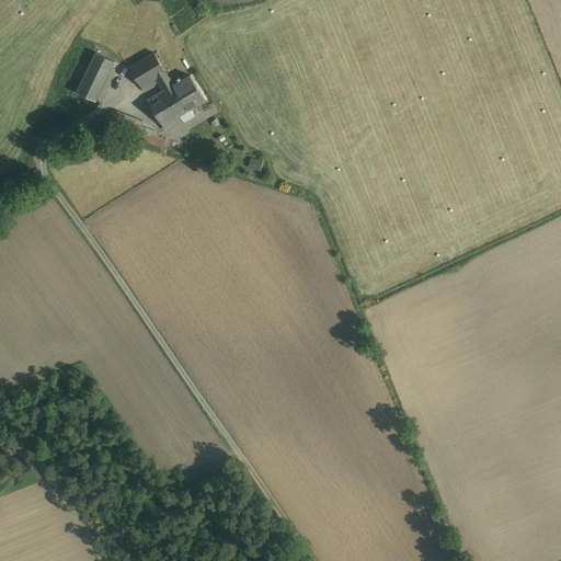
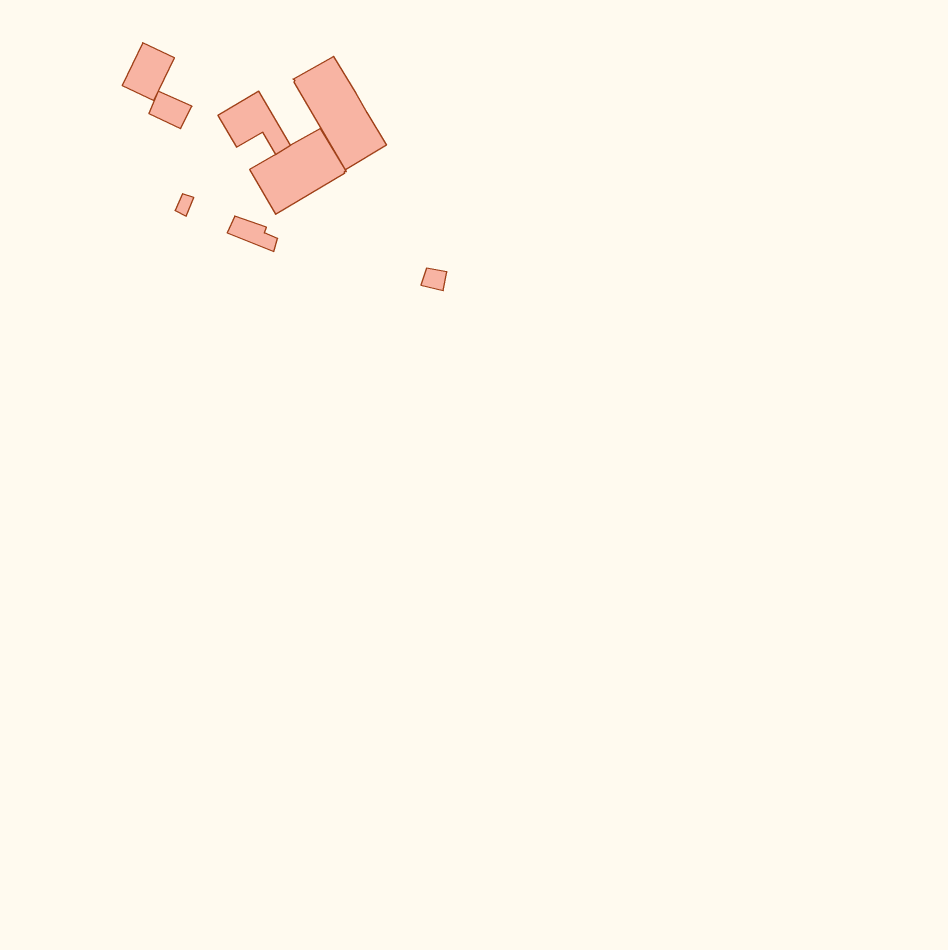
building: none -> [293,56,386,170]
building: [76,68,106,102] -> [122,43,174,101]

